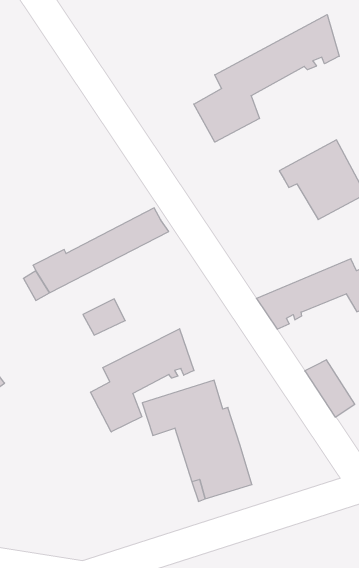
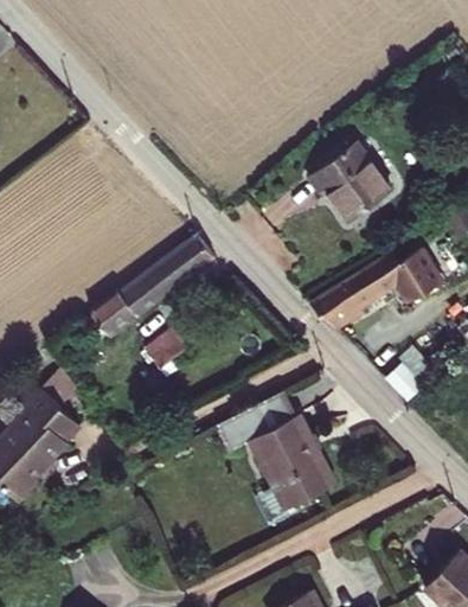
building: [194,15,339,142] -> none
building: [91,329,194,432] -> none

